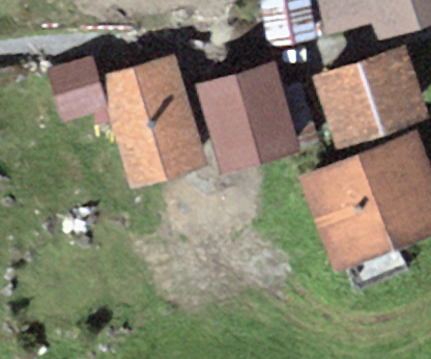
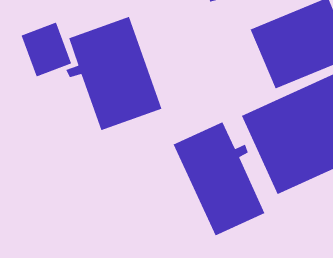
building: [194,58,319,173] -> none
building: none -> [173,121,266,237]

